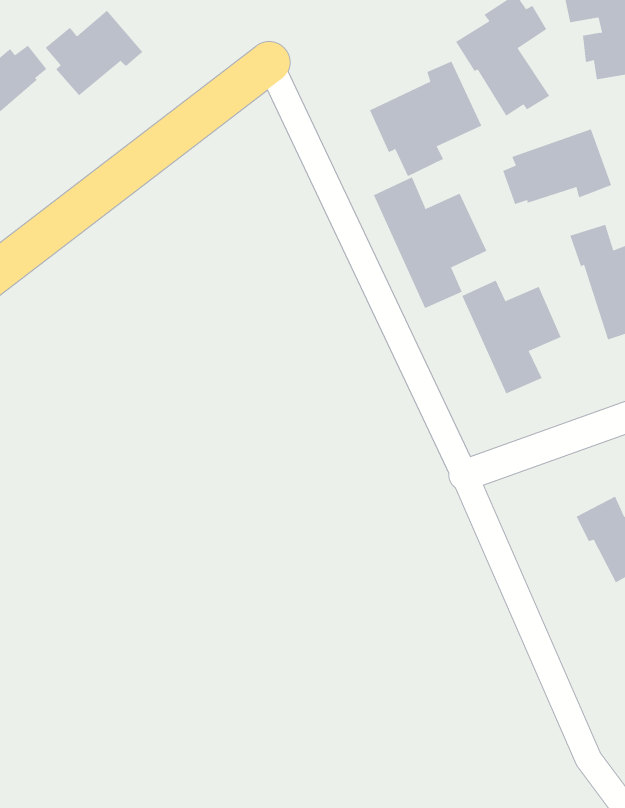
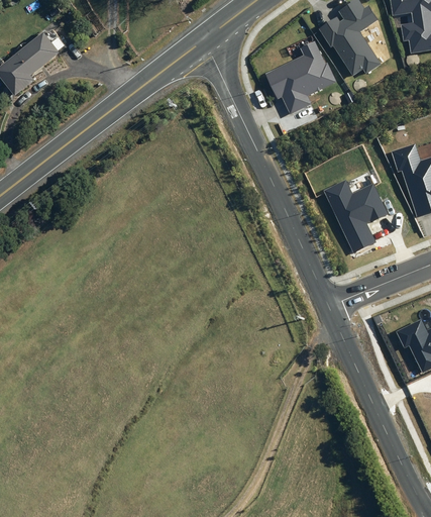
building: [45,10,143,96] -> none
building: [502,129,612,205] -> none
building: [373,177,487,309] -> none

